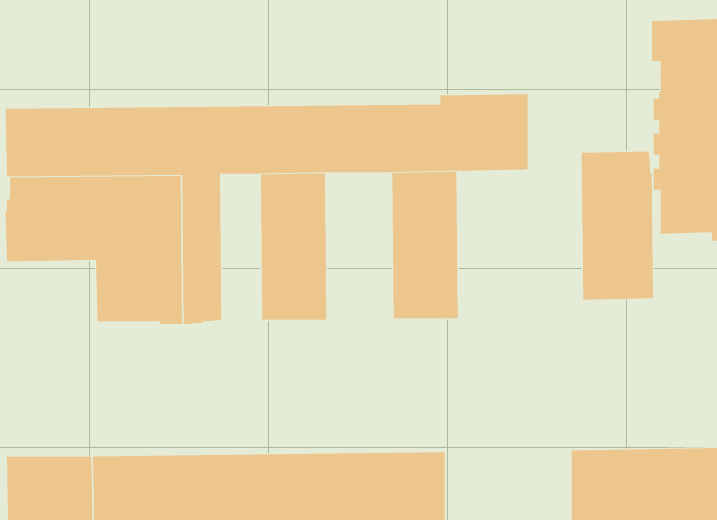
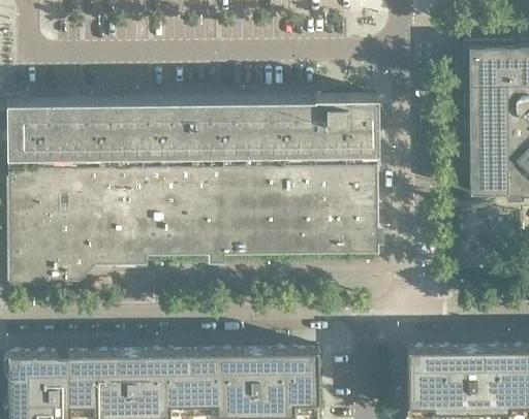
building: [581,151,654,300] -> [328,152,379,257]
building: none -> [235,154,282,258]
building: none -> [160,155,189,258]
building: none -> [8,216,72,290]

